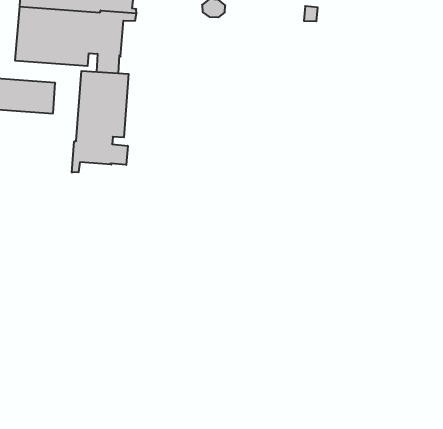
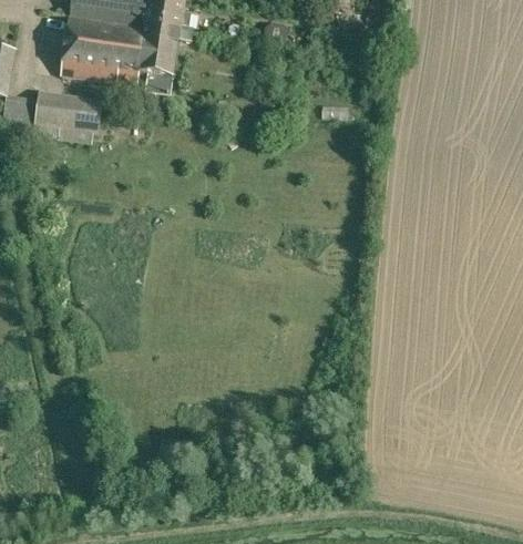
building: [72,71,129,173] -> none

